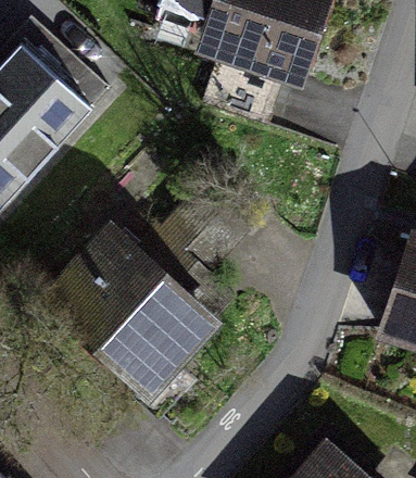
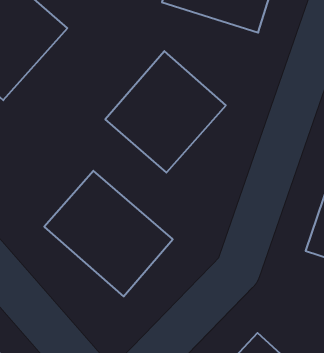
building: none -> [105,51,226,173]

